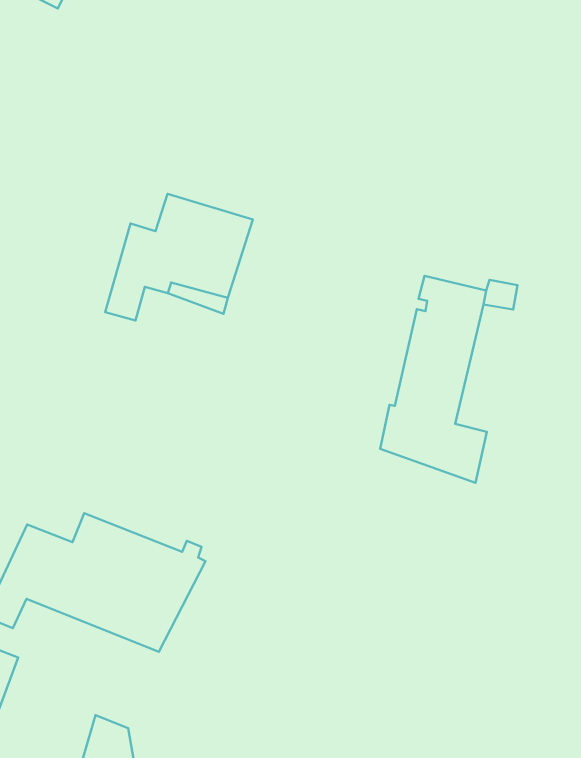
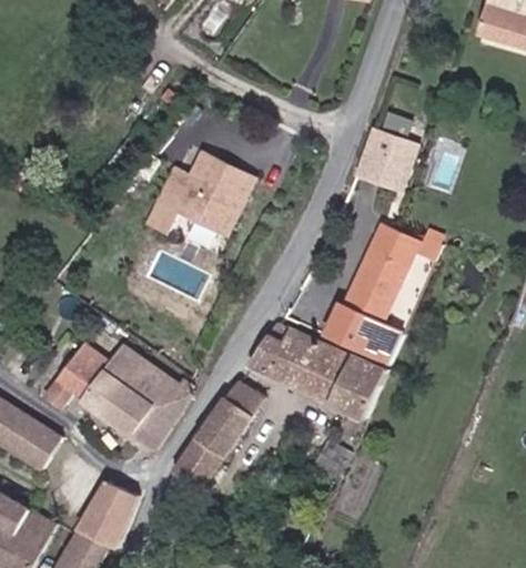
building: none -> [355,124,418,191]
building: none -> [243,316,378,419]
building: none -> [176,373,271,481]

